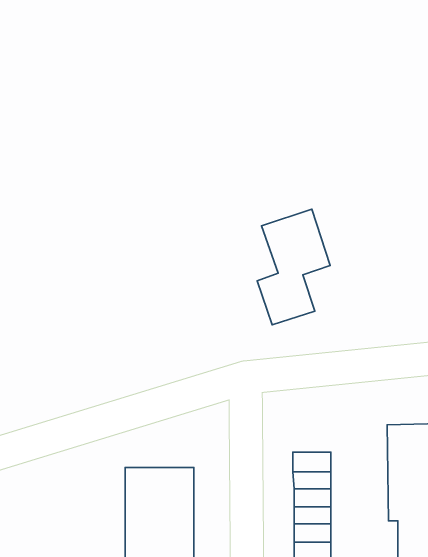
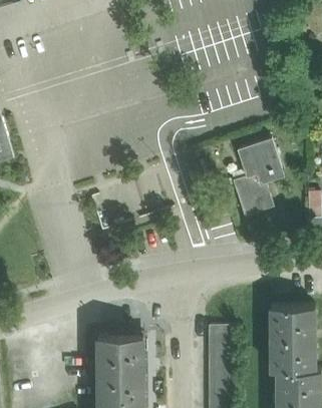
building: [257,209,330,325] -> [234,136,282,213]

